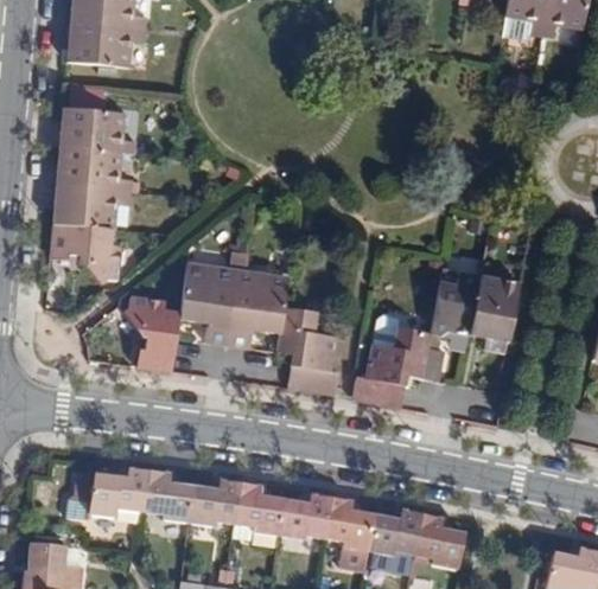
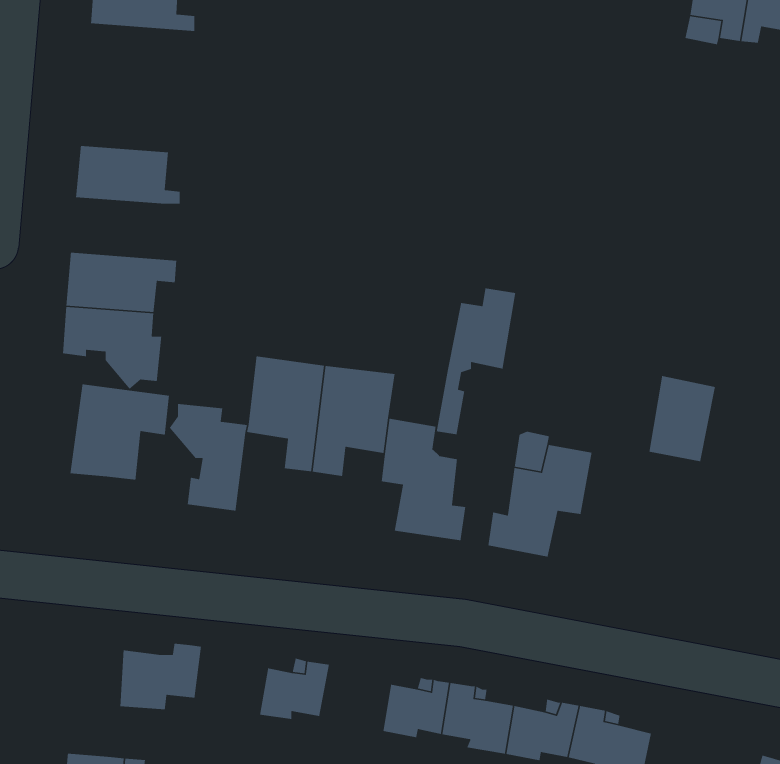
building: [65,21,144,68] -> none
building: [53,147,132,192] -> none
building: [422,271,481,378] -> [436,287,516,435]
building: none -> [70,384,170,481]
building: [144,470,196,520] -> none
building: [234,484,285,532] -> none

